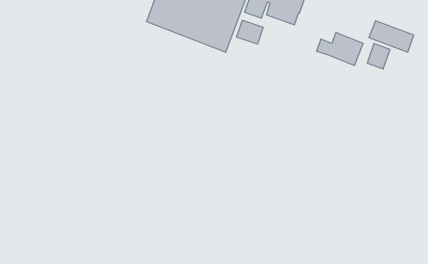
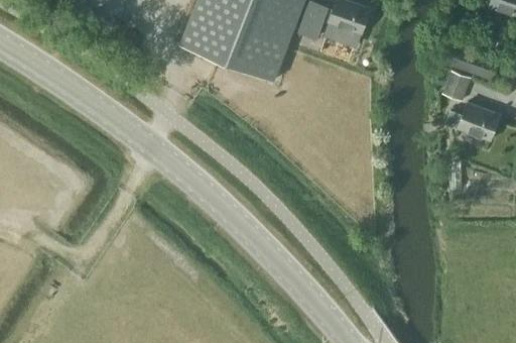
building: [237,20,263,44] -> none
building: [316,32,363,65] -> [444,102,500,141]

